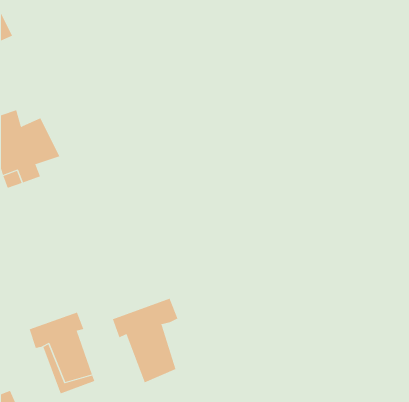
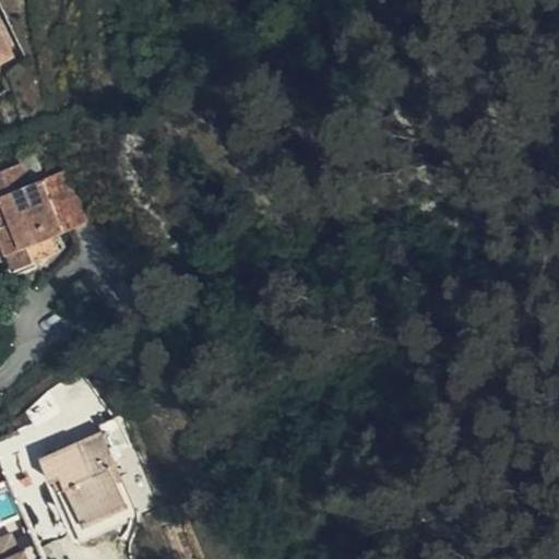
building: [112,298,178,383] -> none

